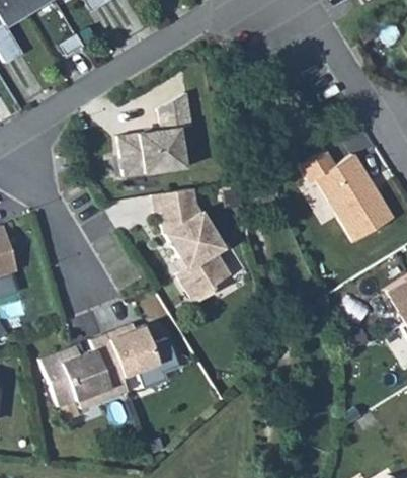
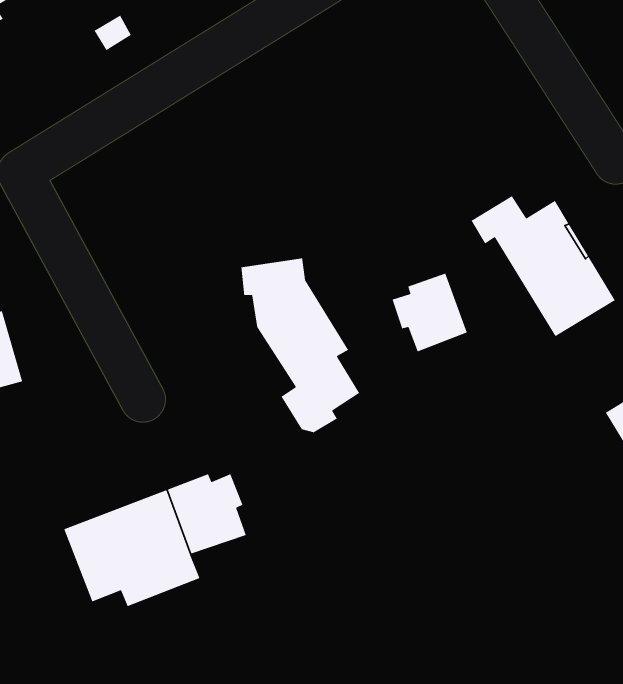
building: [119,95,192,178] -> none
building: none -> [391,273,468,353]

